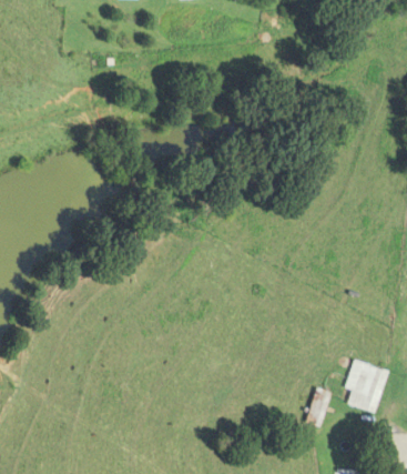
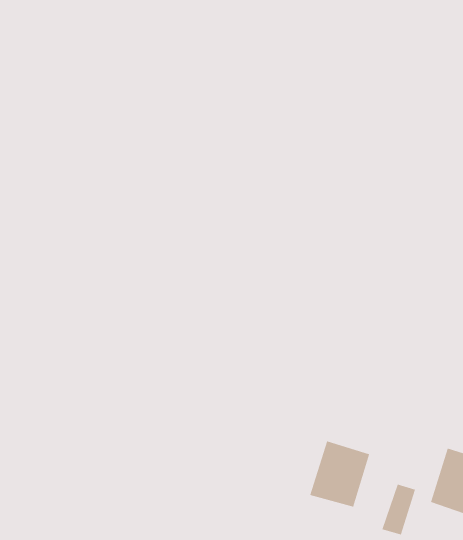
building: none -> [310,440,370,508]

